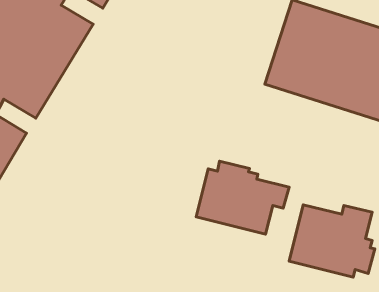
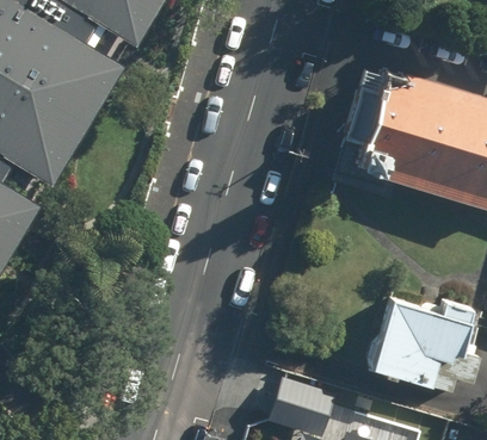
building: [196,161,289,234] -> none

